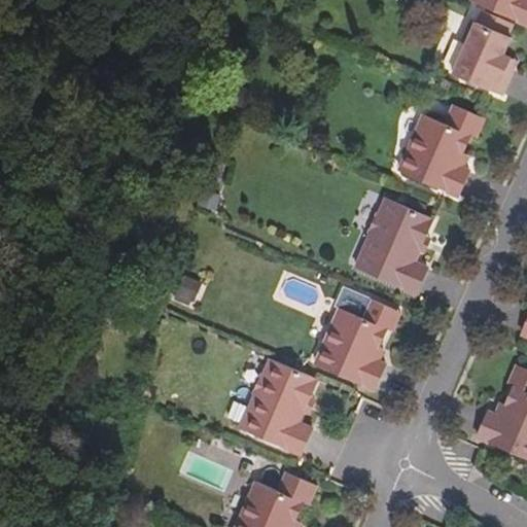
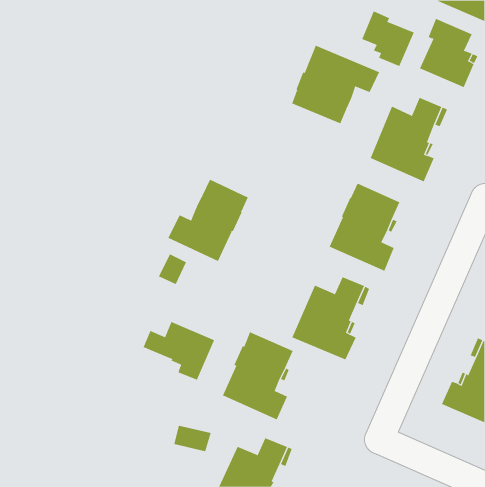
building: none -> [361,11,414,67]
building: none -> [291,45,380,124]
building: none -> [168,179,248,262]
building: none -> [143,321,215,381]

